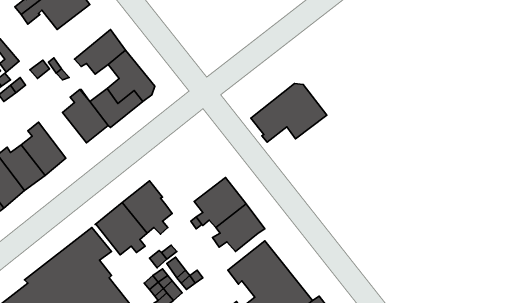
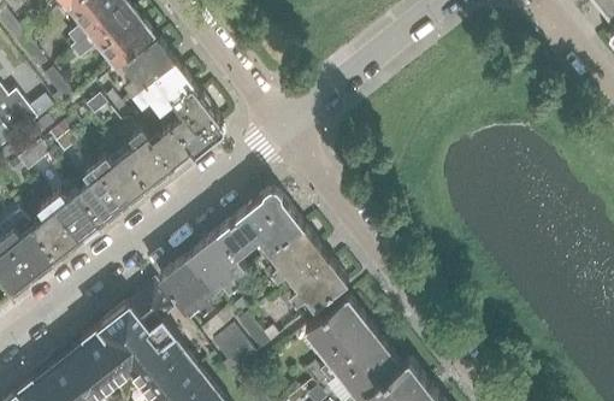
building: none -> [119,41,173,98]
building: [251,83,327,142] -> [217,194,301,259]
building: none -> [94,157,147,207]

